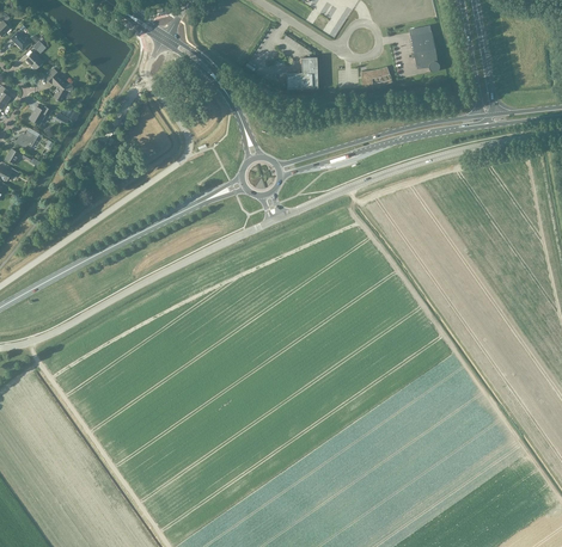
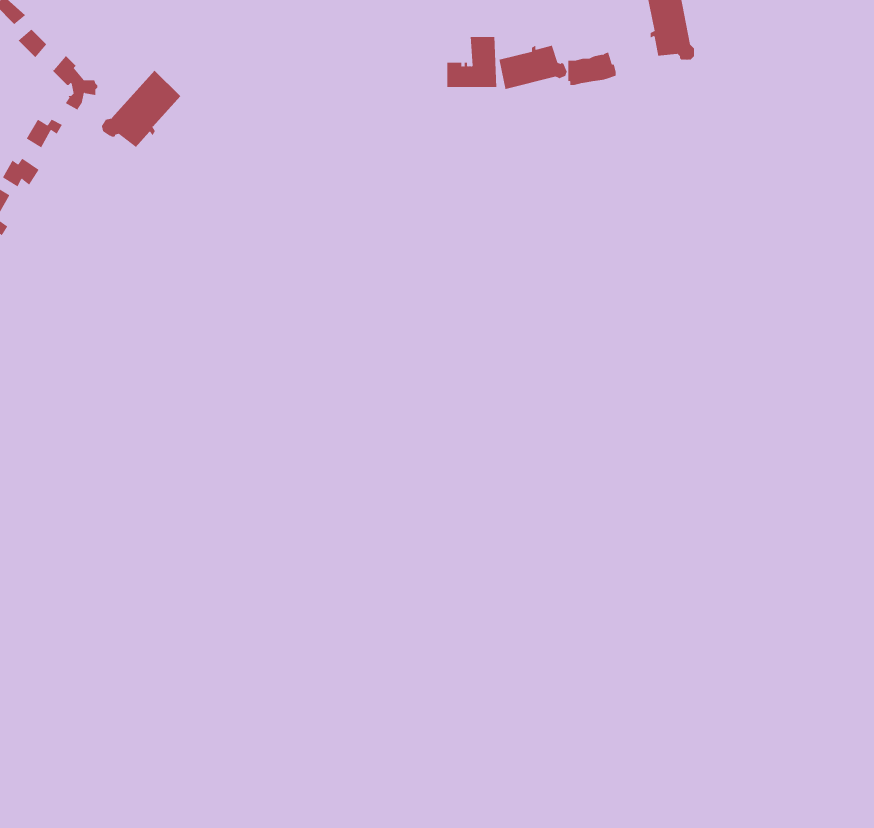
building: none -> [499,45,567,90]
building: none -> [101,70,181,148]

